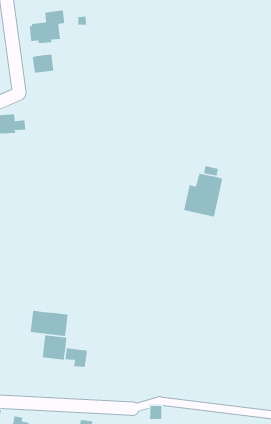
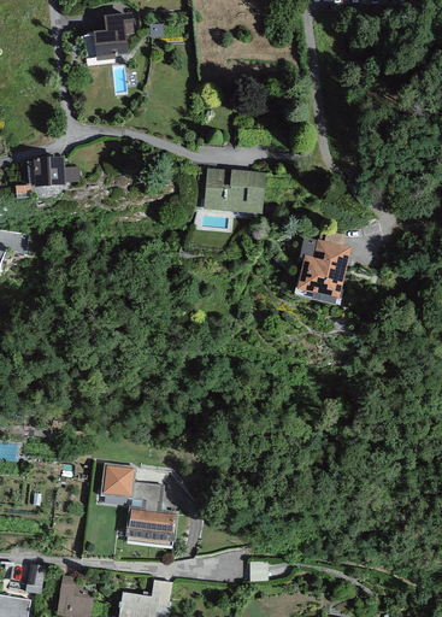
building: [32,54,54,73] -> none
building: none -> [204,168,266,215]
building: [30,310,68,337] -> [125,505,178,542]

